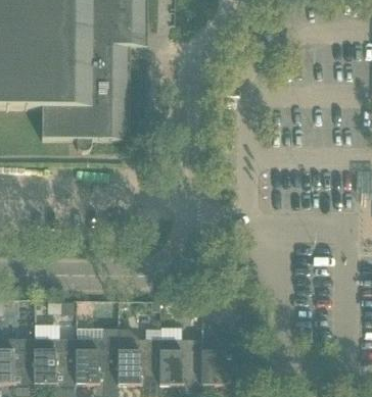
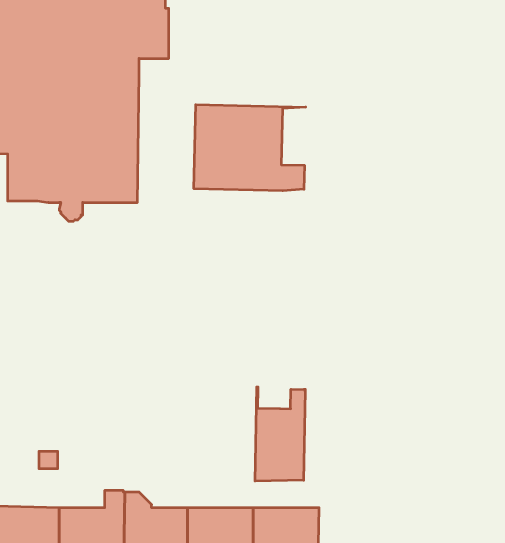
building: none -> [194,105,306,191]
building: none -> [255,387,305,481]

